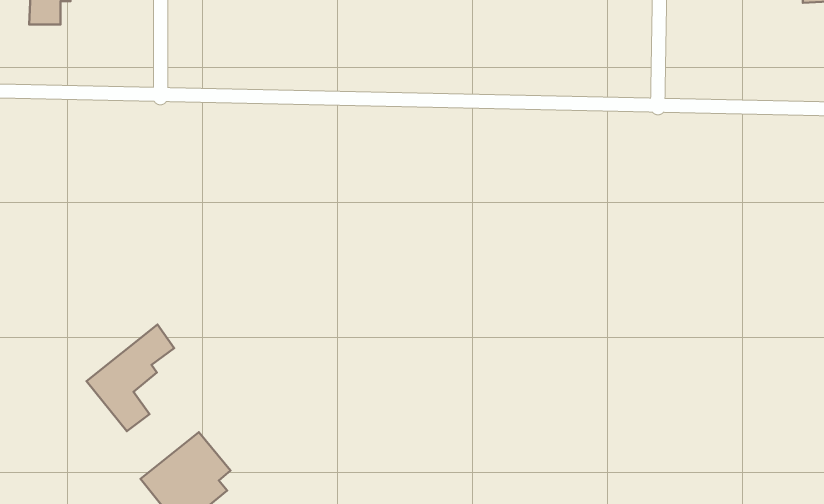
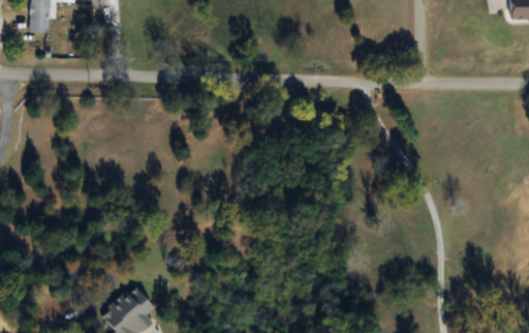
building: [87,324,174,431] -> none

